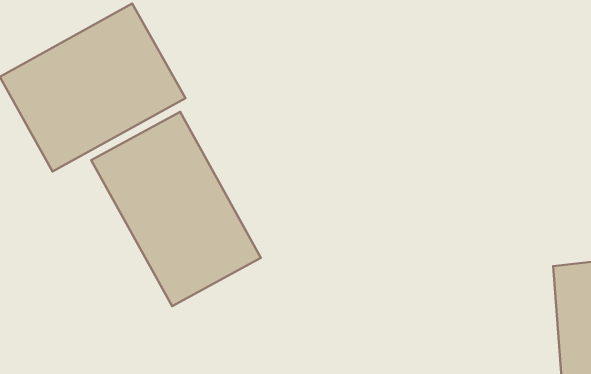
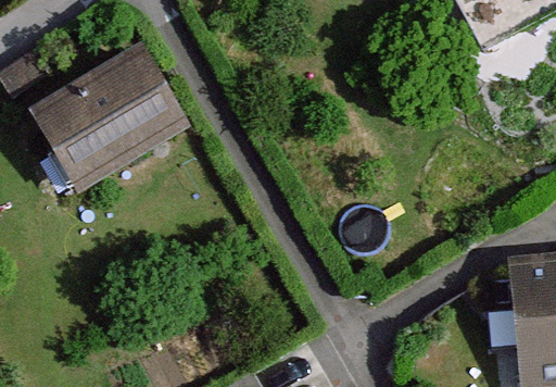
building: [91,112,261,306] -> none

